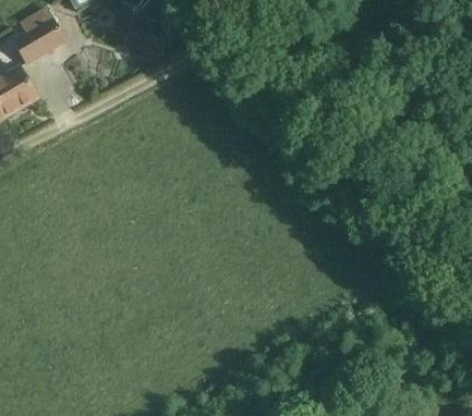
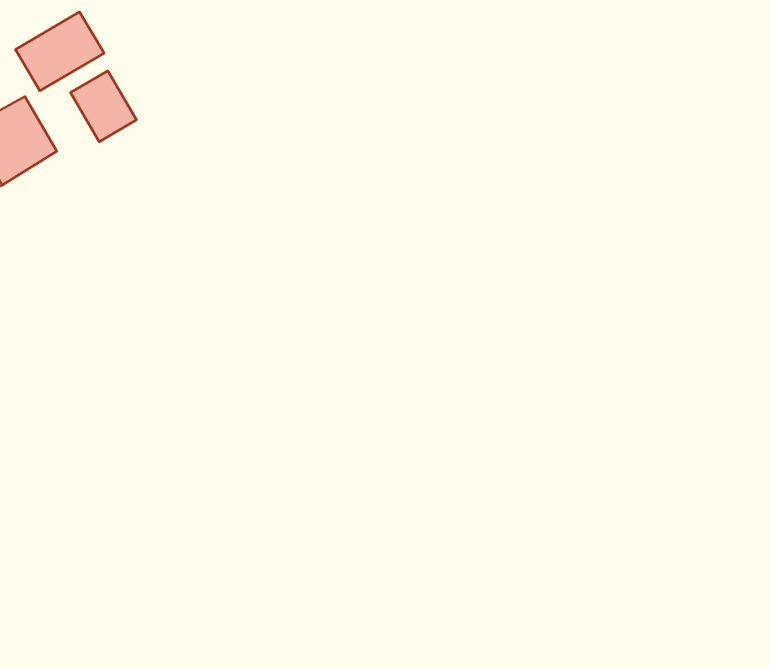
building: none -> [70,71,137,142]

